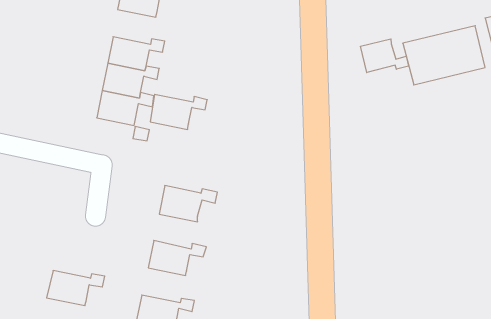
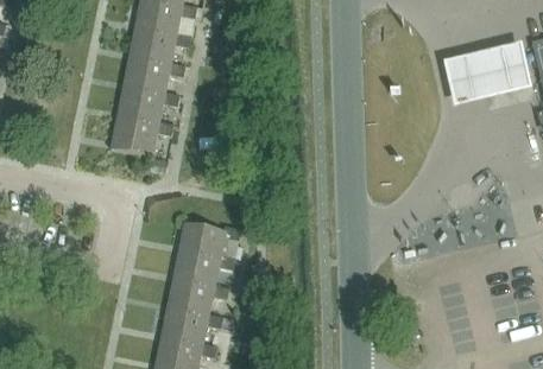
building: [361,39,409,73] -> none
building: [150,94,207,129] -> [130,31,191,69]
building: none -> [173,253,236,291]
building: [47,271,105,306] -> [160,311,223,349]

